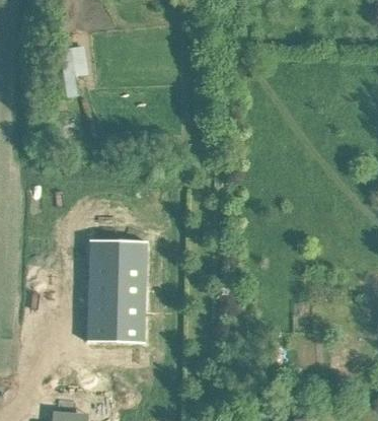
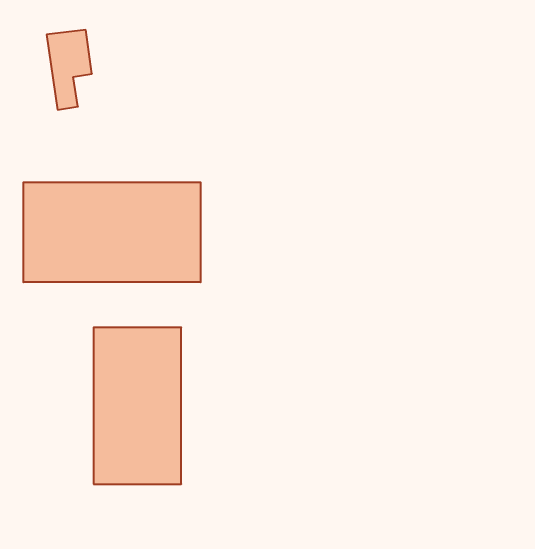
building: none -> [23,182,201,282]

